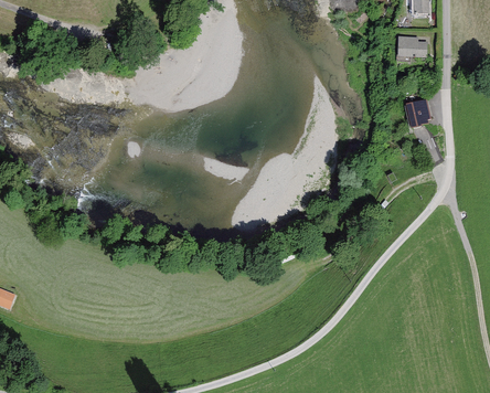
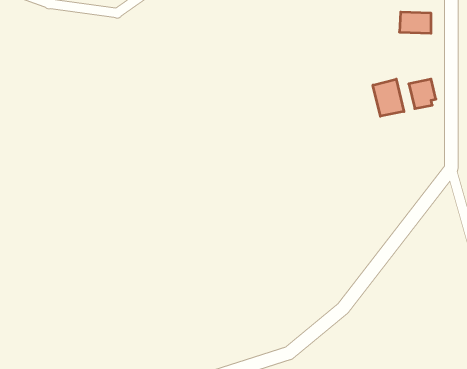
building: none -> [373,79,404,116]

